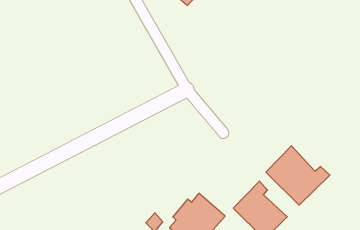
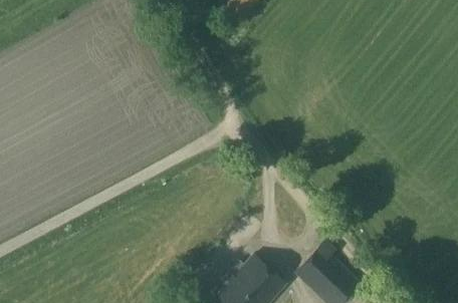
building: [266,146,330,205] -> none

